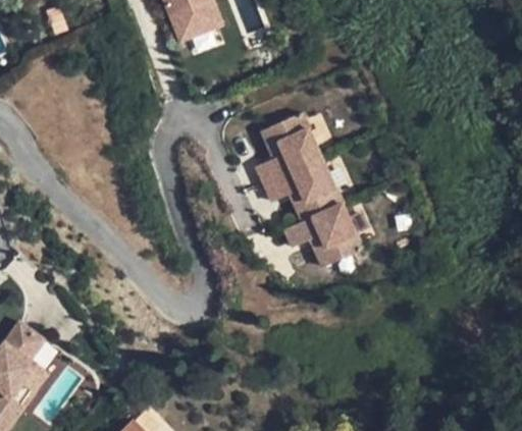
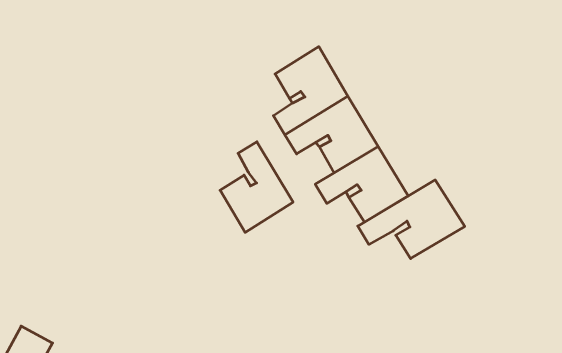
building: none -> [220,142,293,232]
building: none -> [358,180,465,259]

